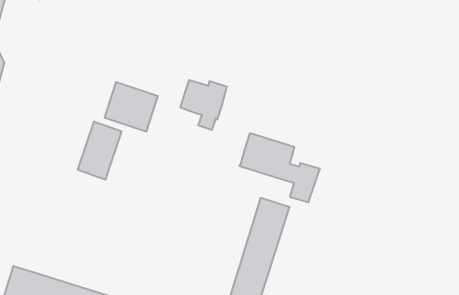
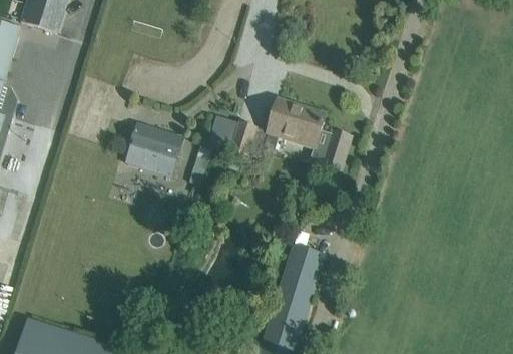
building: [78,121,121,180] -> none
building: [239,133,320,202] -> [266,100,352,174]

